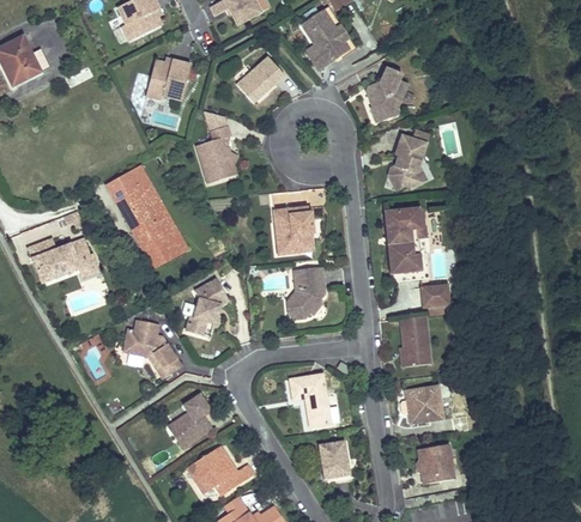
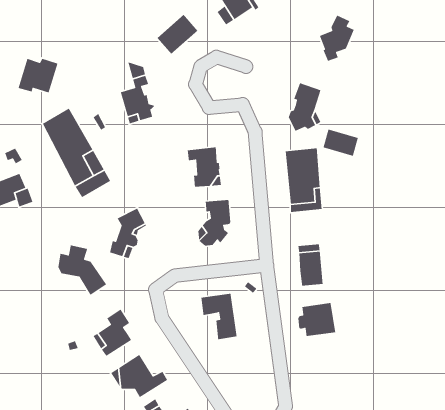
building: [144,59,190,99] -> [18,58,59,94]
building: [367,67,407,121] -> [319,15,355,62]
building: none -> [322,128,359,157]
building: [420,286,448,309] -> none
building: [315,441,355,484] -> none
building: [414,443,452,482] -> none

